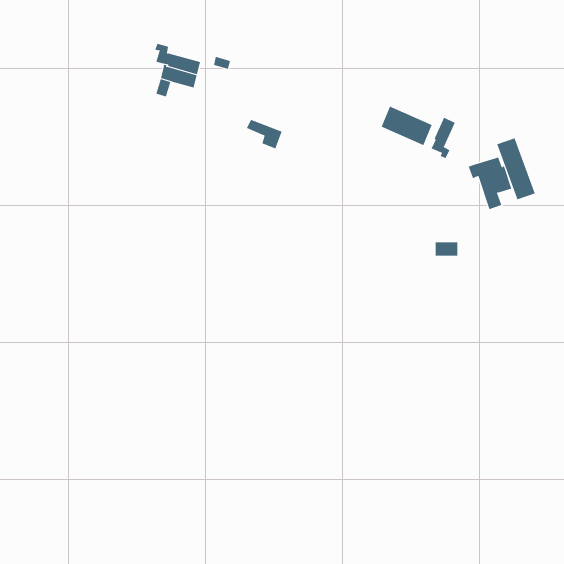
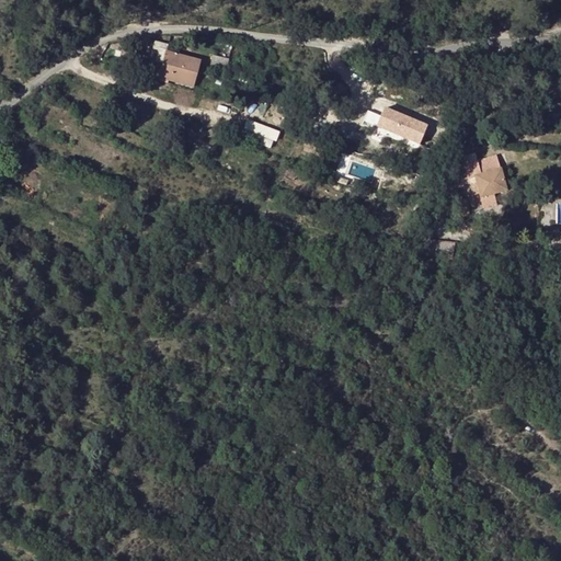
building: [431,117,456,159] -> none
building: [496,138,535,200] -> none

